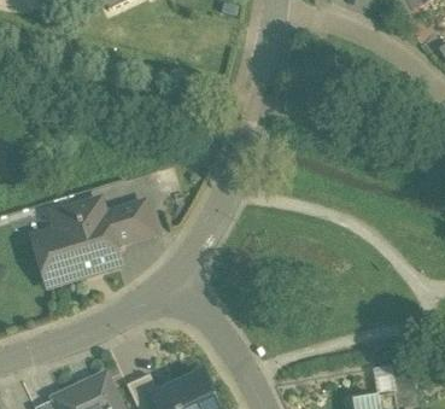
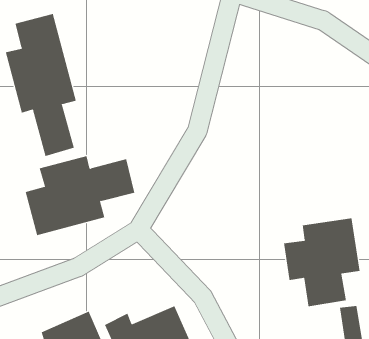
building: none -> [5,13,76,157]
building: none -> [284,217,360,307]

